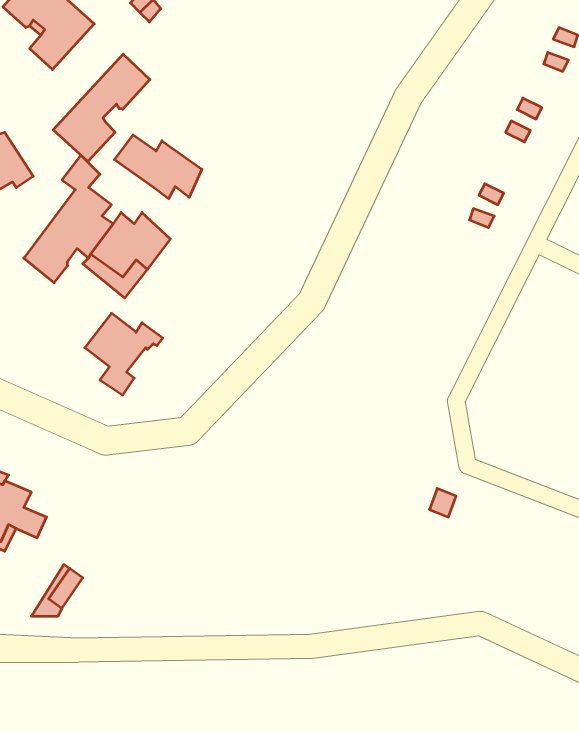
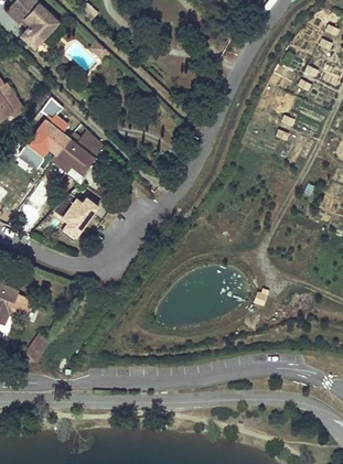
building: [53,54,150,162] -> none
building: [114,135,202,199] -> none

